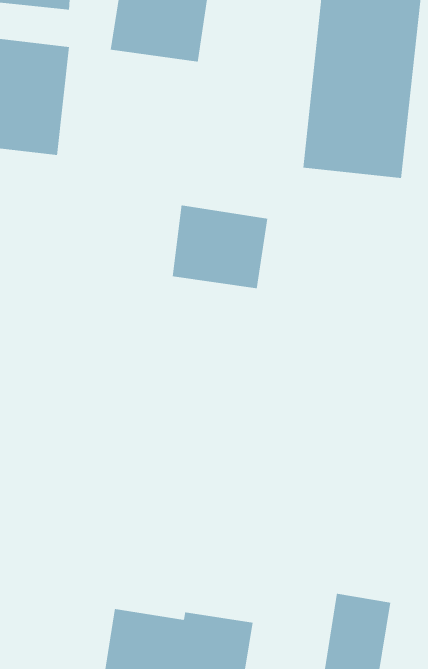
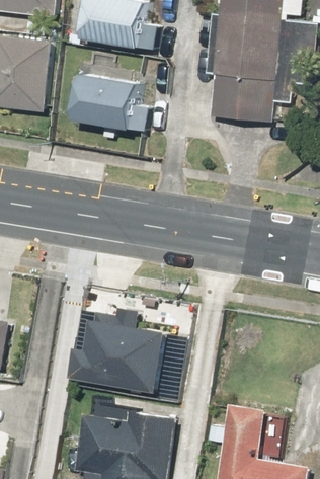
building: [172,205,268,289] -> [73,76,137,132]
building: none -> [69,318,167,396]

